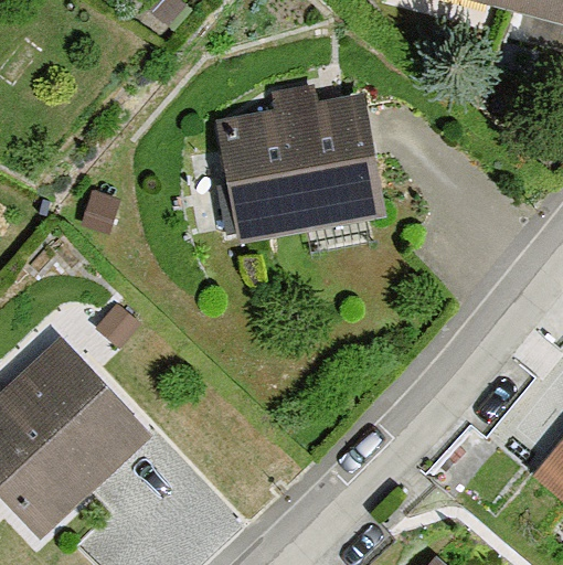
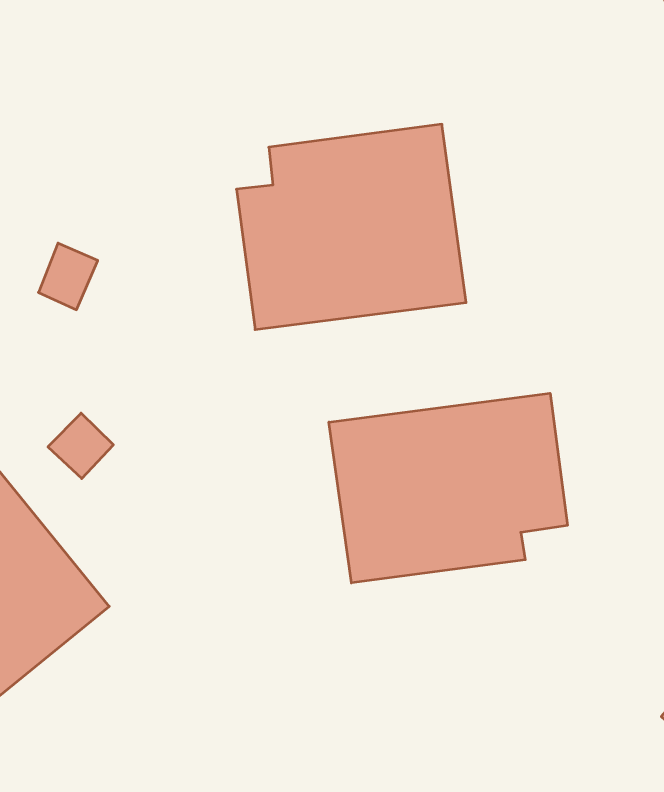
building: none -> [329,393,567,583]

